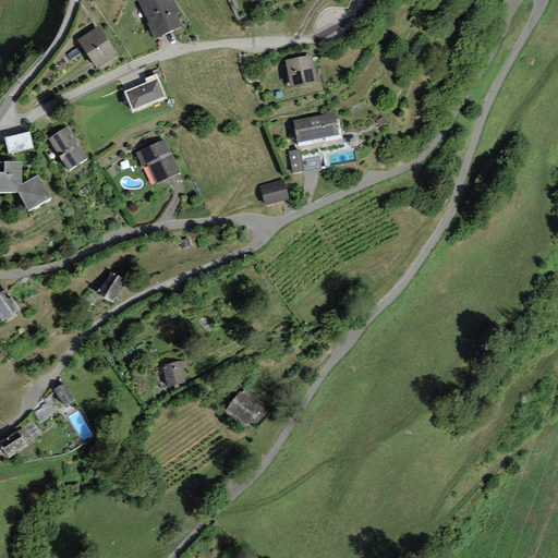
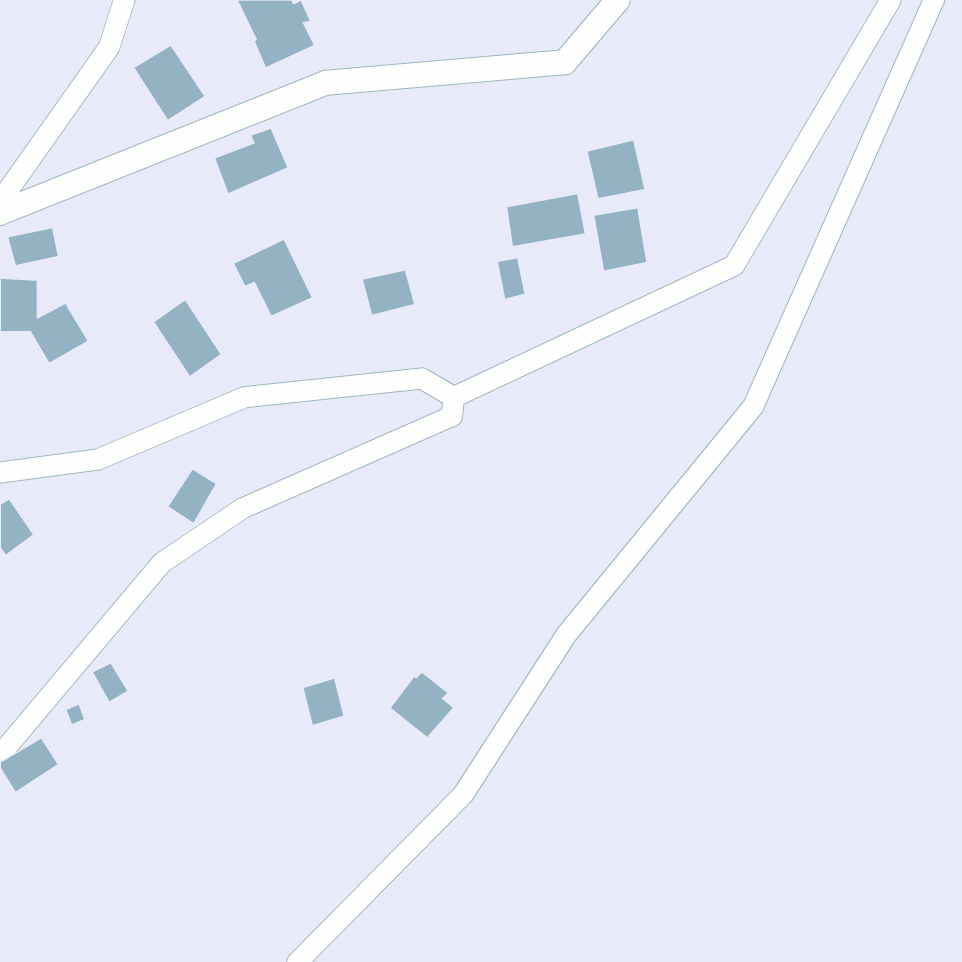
building: [284,54,318,88] -> [587,140,645,199]
building: none -> [594,208,647,271]
building: [48,126,87,171] -> [154,300,221,377]
building: [259,180,290,206] -> [362,270,415,315]
building: [161,361,185,388] -> [303,678,344,725]

